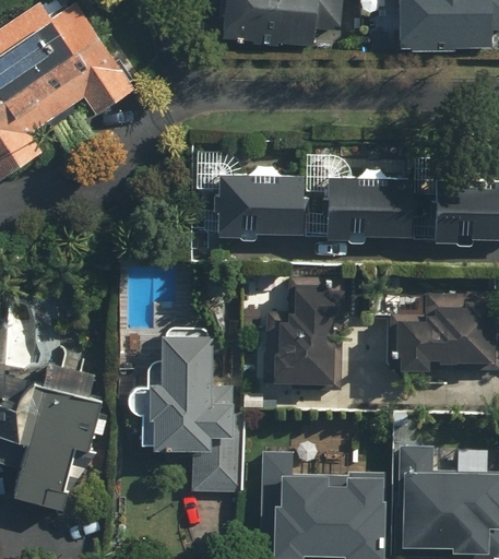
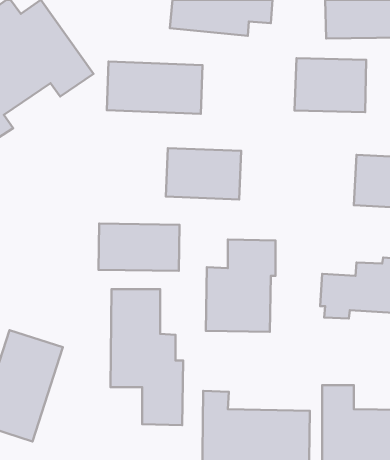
building: none -> [107,62,202,114]
building: [328,178,409,240] -> [295,58,366,112]
building: none -> [99,223,179,271]

